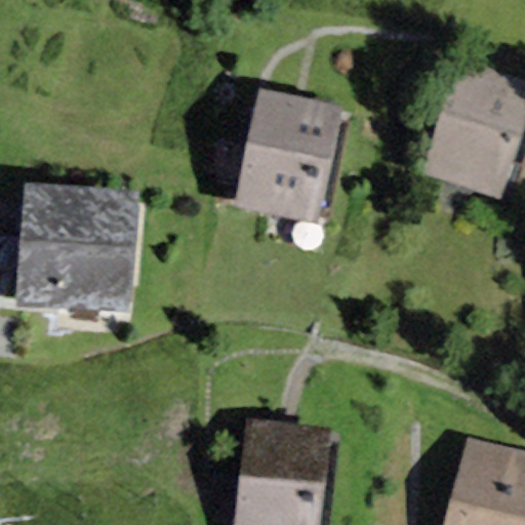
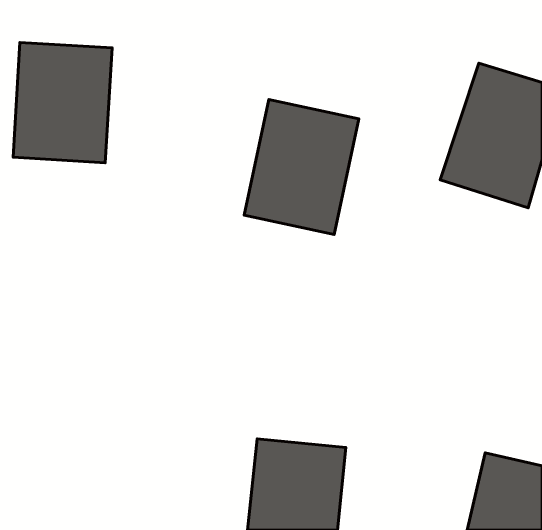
building: none -> [13,42,112,163]
building: [17,191,135,316] -> none

